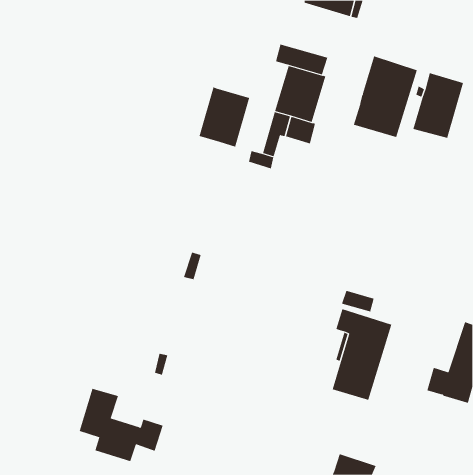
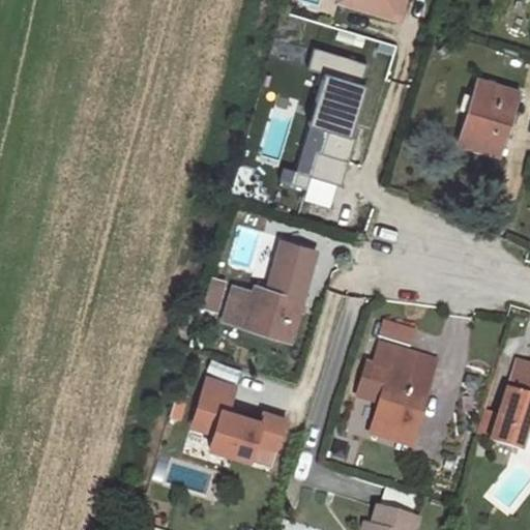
building: [353,55,417,138] -> none
building: [199,87,250,147] -> none
building: none -> [305,151,346,185]
building: none -> [225,241,318,341]
building: [79,388,163,462] -> [193,378,287,460]

